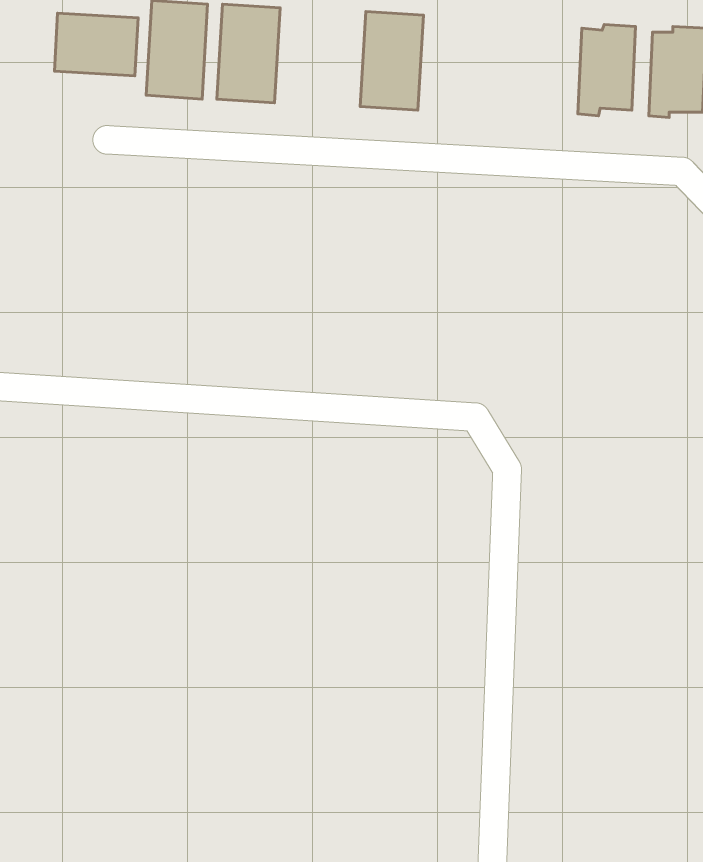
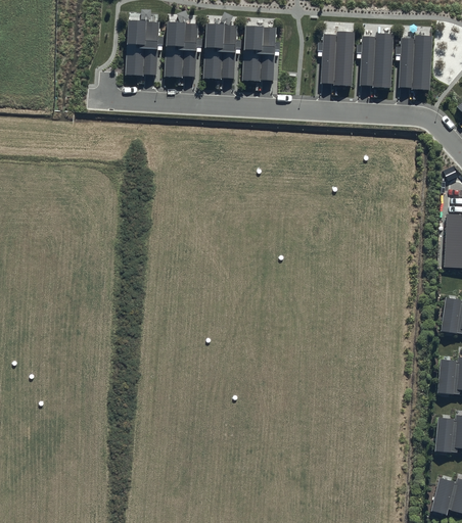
building: none -> [203,26,238,80]
building: [54,13,138,76] -> none
building: none -> [324,37,356,86]

